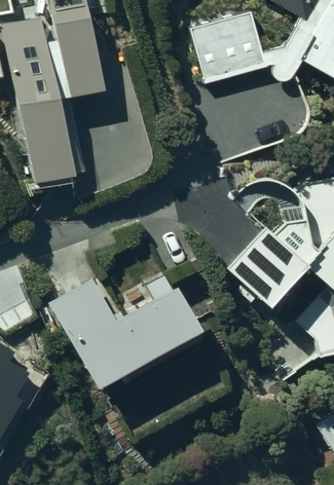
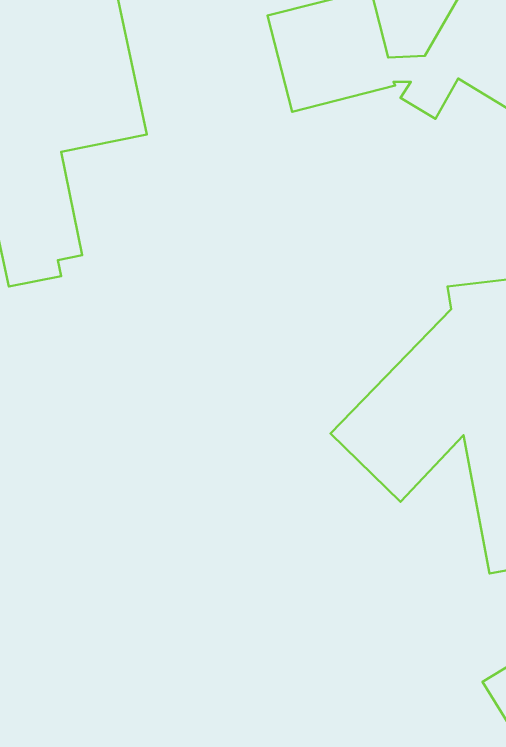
building: [47,268,196,377] -> none

